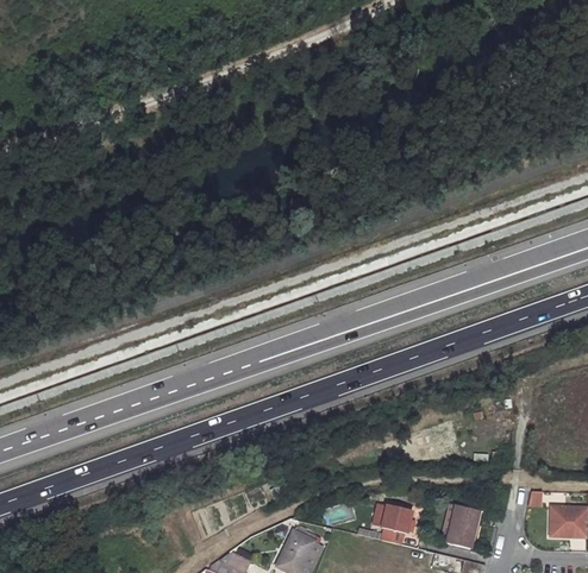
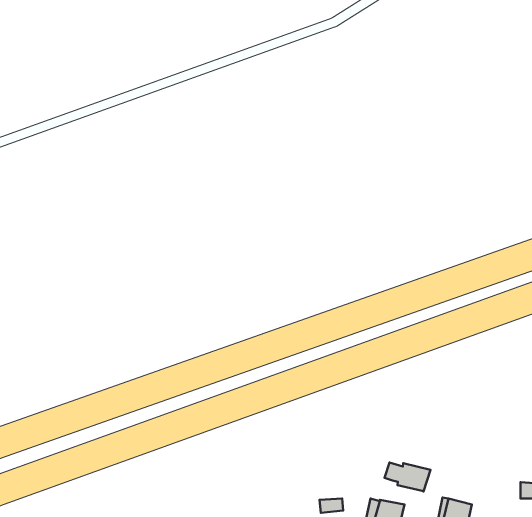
building: none -> [384,463,431,491]

